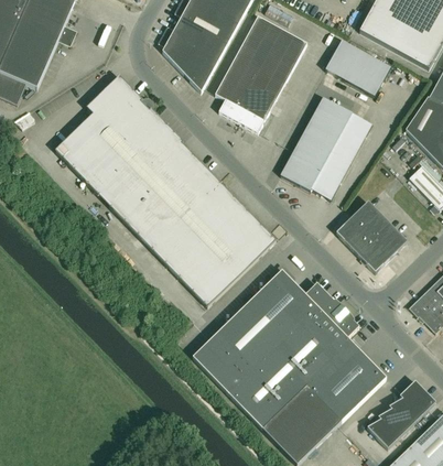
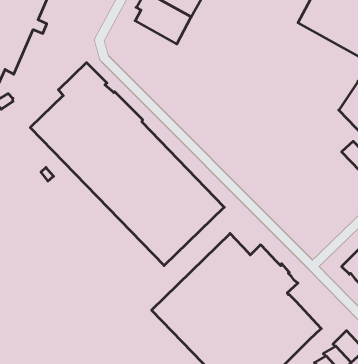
building: [215,14,307,132] -> none
building: [159,25,222,90] -> none
building: [325,39,390,95] -> none
building: [280,96,372,198] -> none
building: [336,199,407,271] -> none

